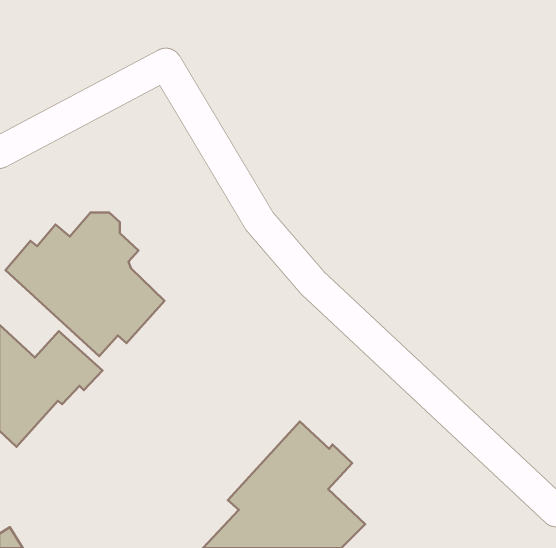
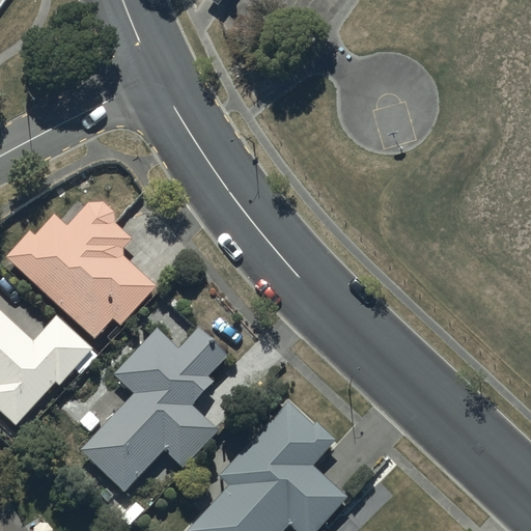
building: none -> [79,328,228,493]

